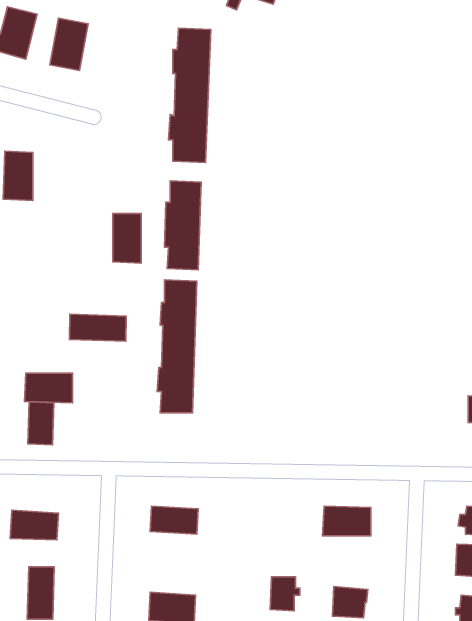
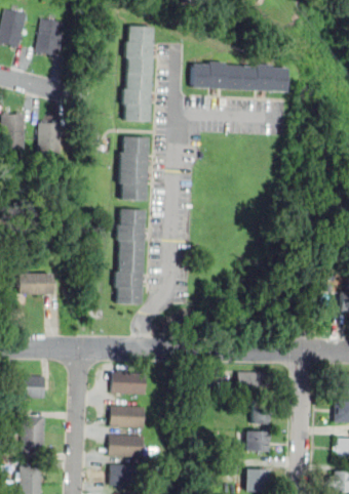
building: none -> [191,61,287,91]
building: [113,214,141,263] -> [40,123,61,159]
building: [69,314,126,341] -> none
building: [28,402,54,445] -> none
building: none -> [110,405,143,425]
building: [270,577,300,611] -> [249,399,271,423]

